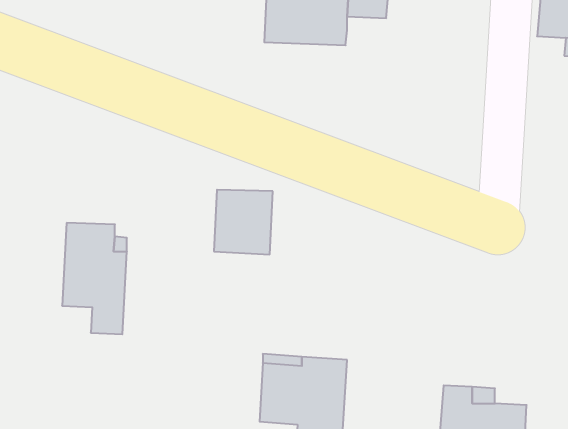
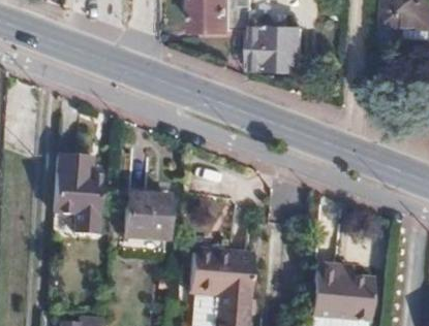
building: none -> [249,23,302,73]
building: [214,190,273,254] -> [124,195,164,239]

